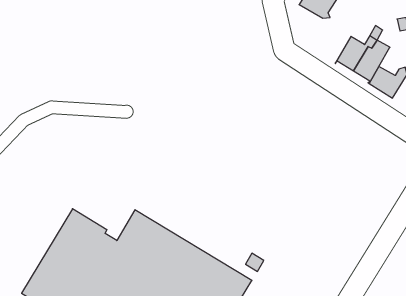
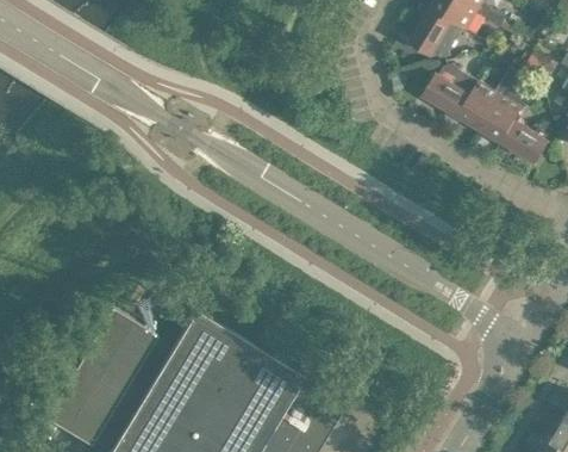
building: none -> [425,67,478,118]

